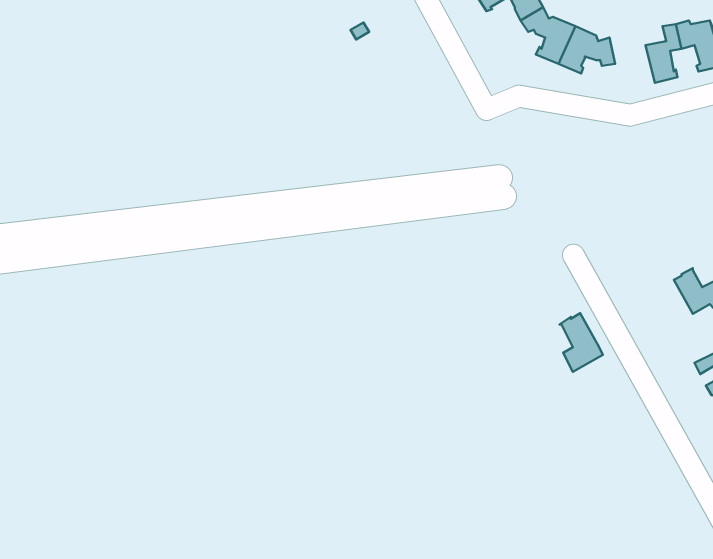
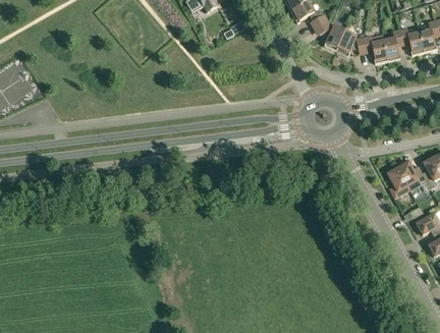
building: none -> [364,35,388,63]
building: [559,313,603,372] -> [387,167,410,199]

